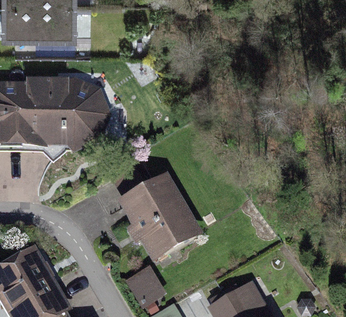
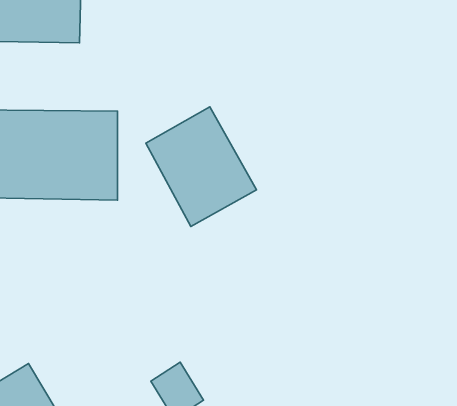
building: [122,180,198,262] -> [146,107,257,226]

